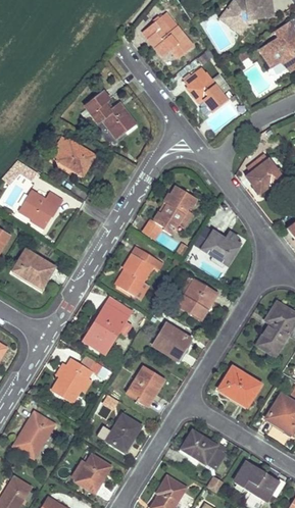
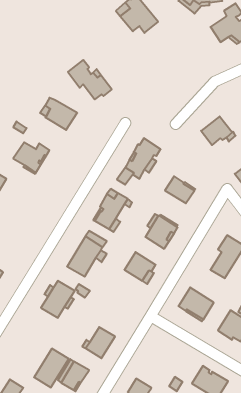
building: [184,66,228,110] -> none
building: [13,248,55,285] -> none
building: [131,366,163,404] -> none
building: [13,411,55,458] -> [34,349,69,387]
building: [181,429,226,468] -> none

